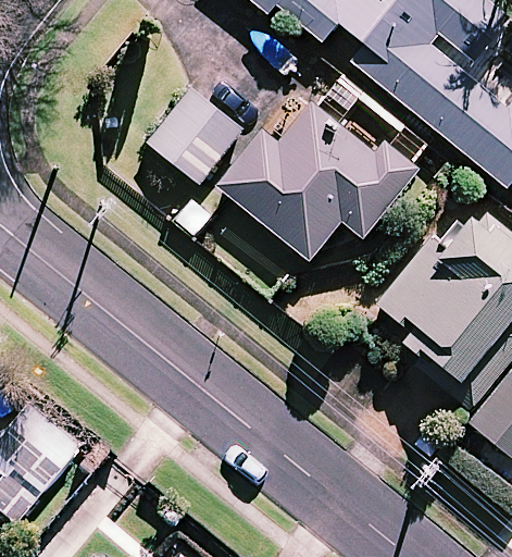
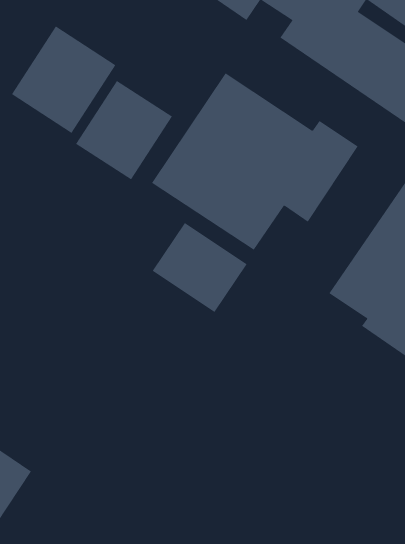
building: none -> [11,26,116,134]
building: none -> [152,222,247,313]

